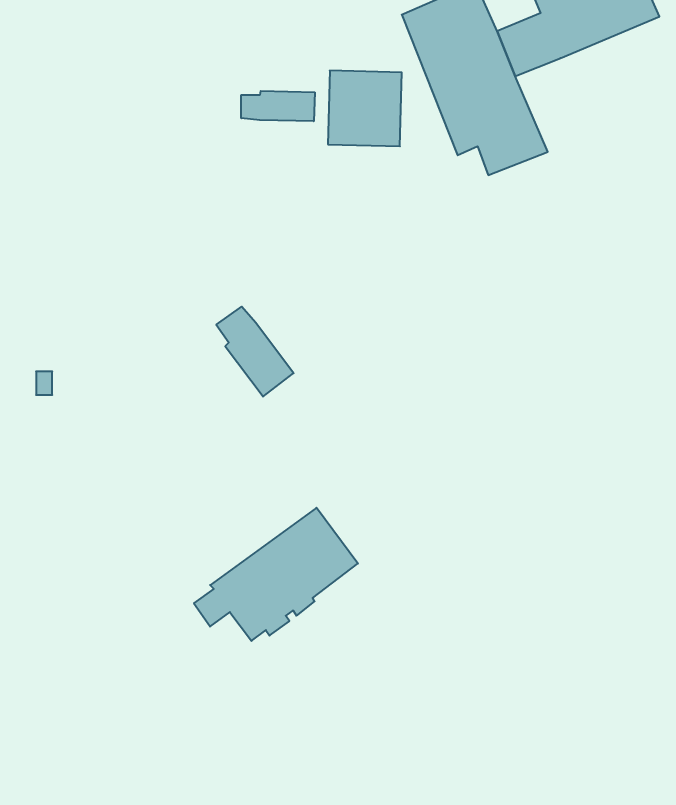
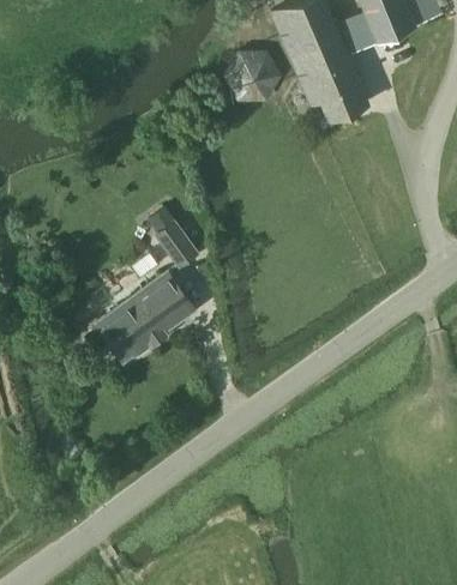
building: [241,91,315,121] -> none
building: [194,508,358,641] -> [84,273,193,362]

